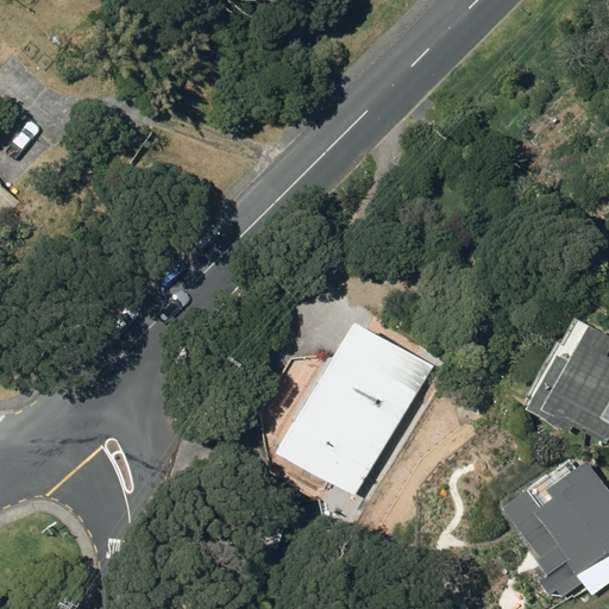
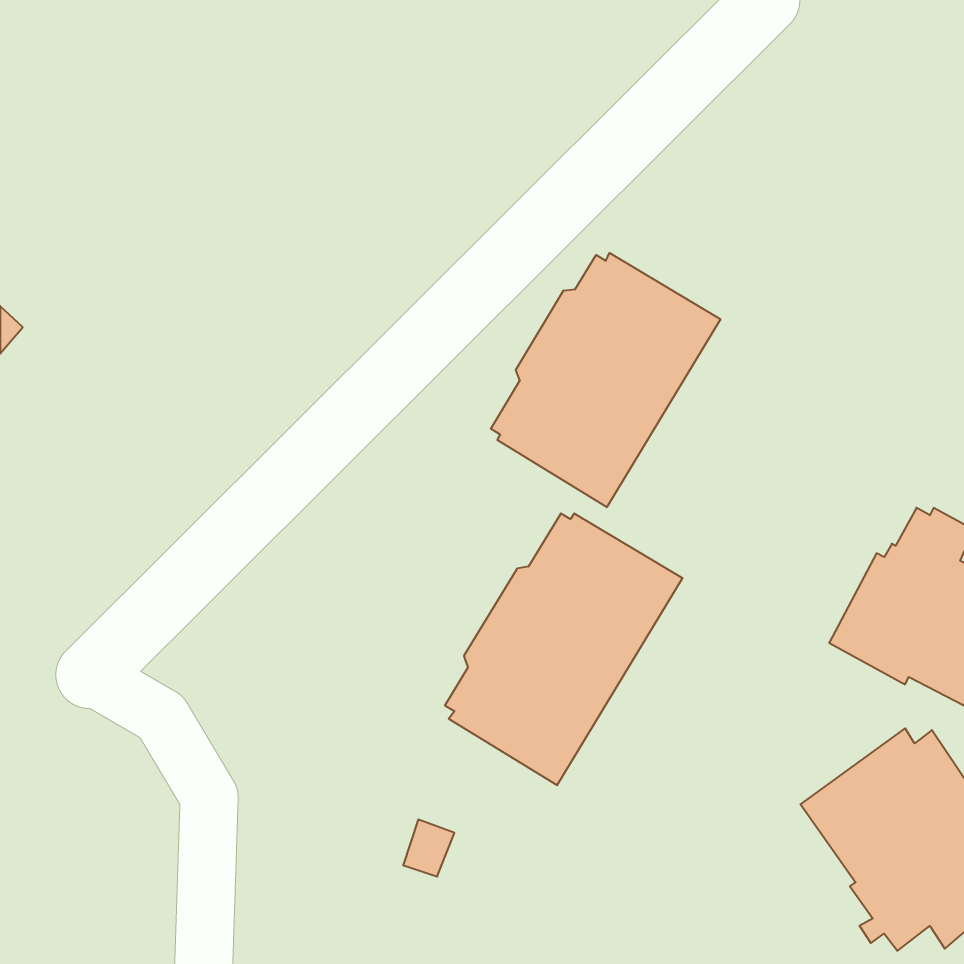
building: none -> [491,253,720,507]

